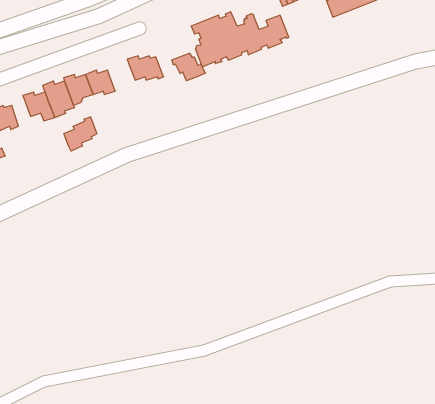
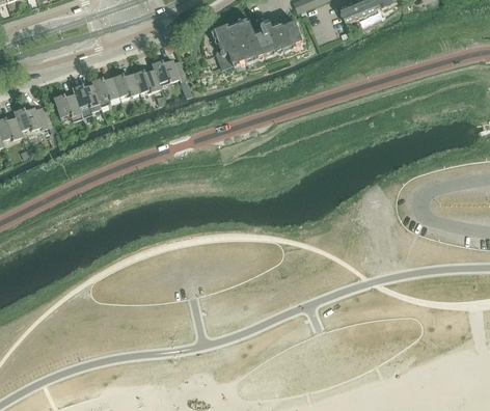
building: [172,53,205,81] -> none
building: none -> [131,66,160,92]
building: [64,117,97,151] -> none

